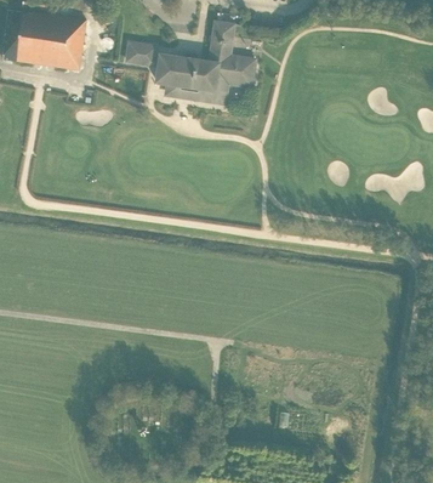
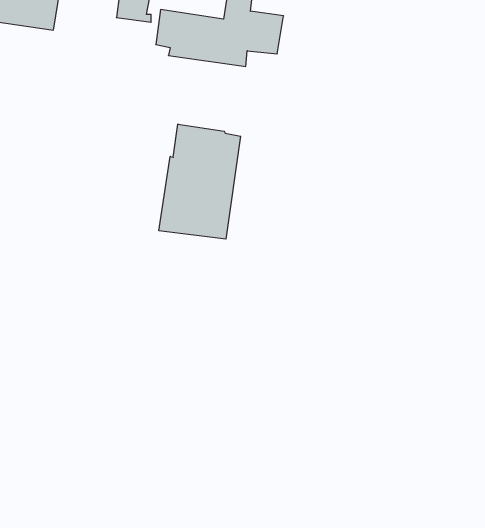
building: none -> [159,124,241,239]

